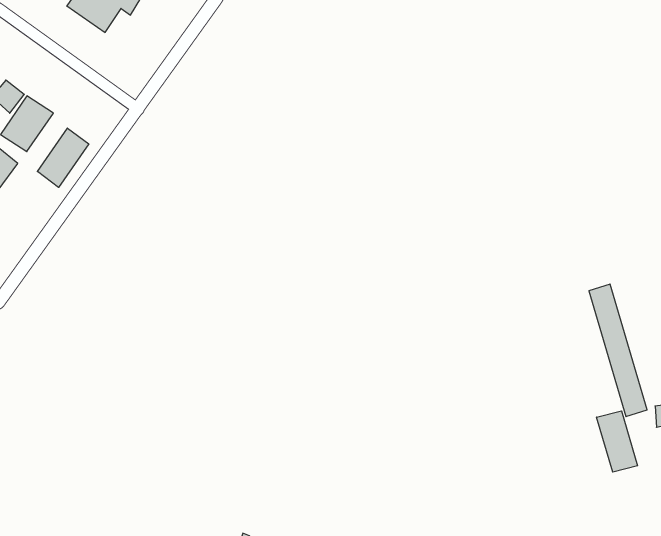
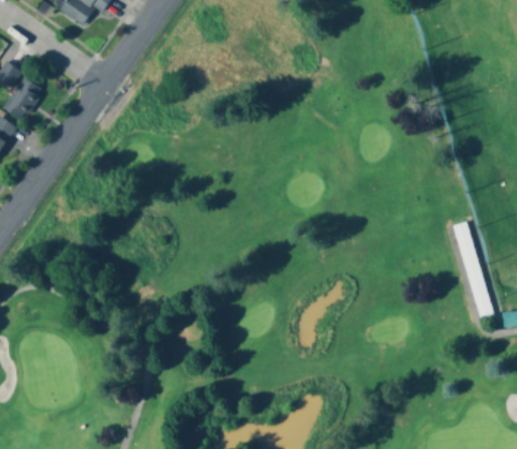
building: [37,128,89,187] -> none
building: [597,411,638,472] -> none

